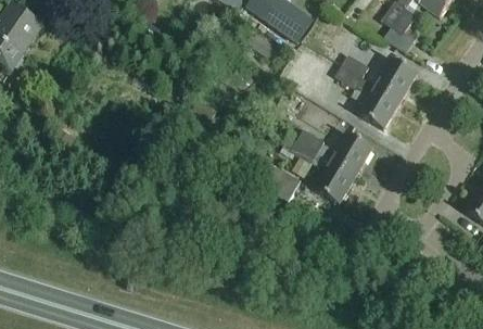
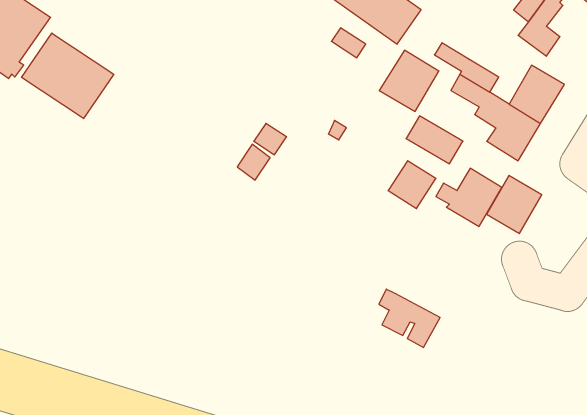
building: none -> [22,33,114,119]
building: [256,157,301,200] -> [379,289,440,347]
building: [315,162,355,204] -> [486,175,542,234]

